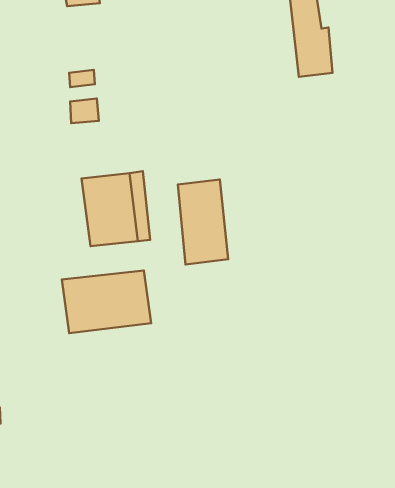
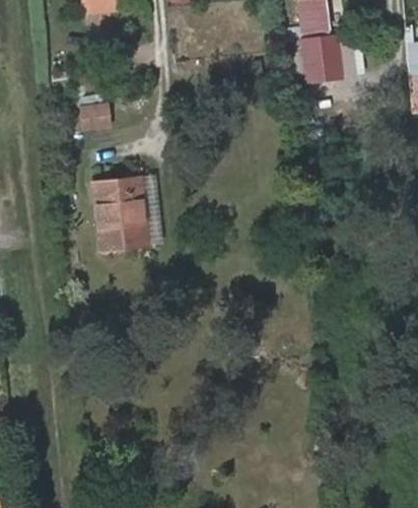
building: [178,180,228,265] -> none
building: [62,271,151,333] -> none

